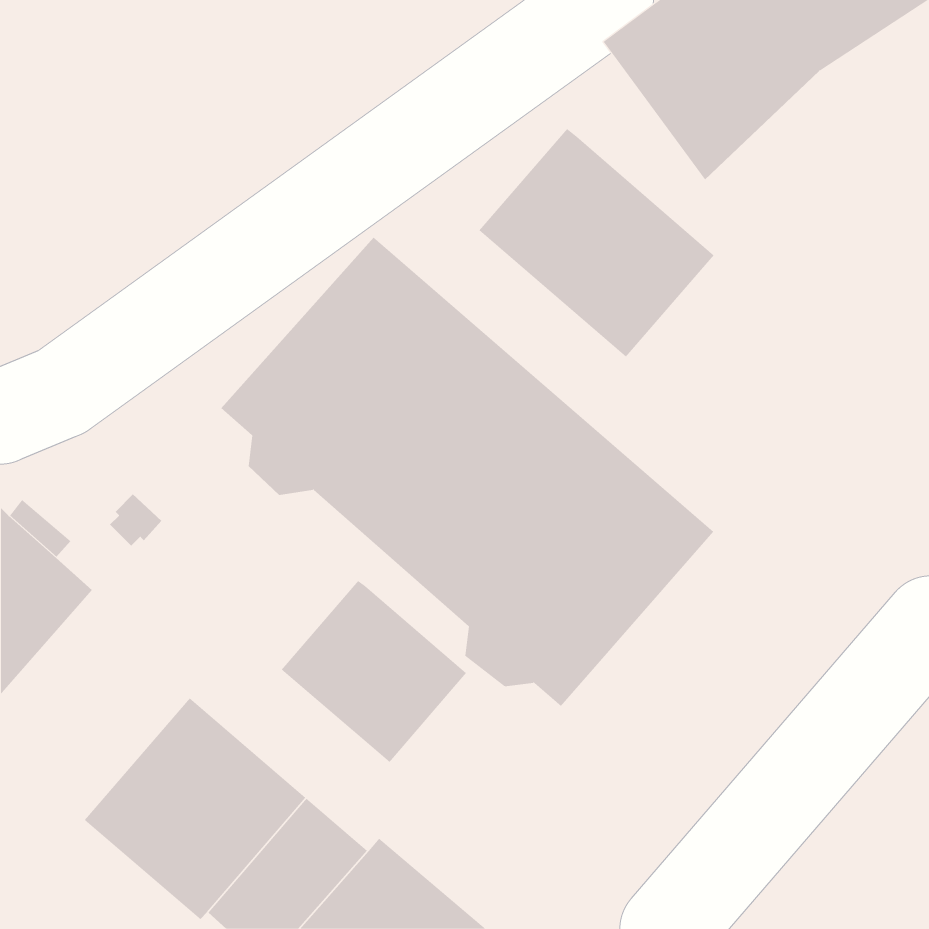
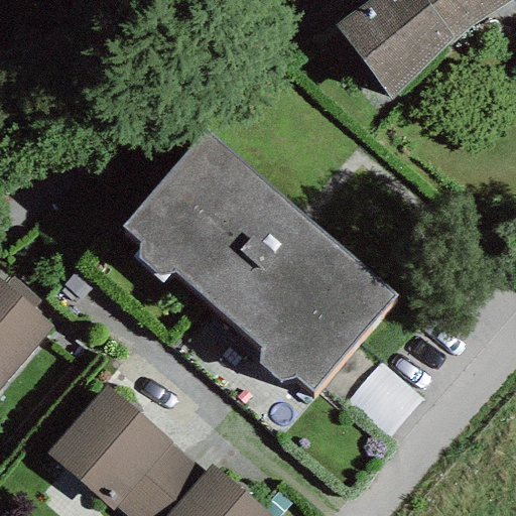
building: [478,128,714,357] -> none
building: [281,580,467,763] -> none

